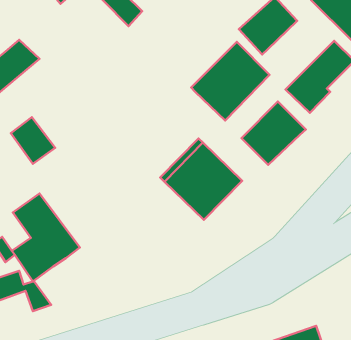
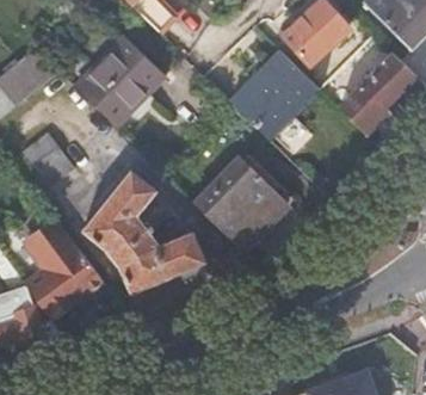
building: none -> [73,38,165,125]
building: [241,102,306,165] -> none
building: none -> [84,168,204,292]

